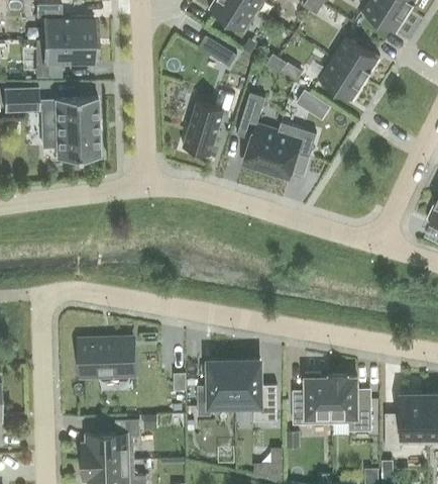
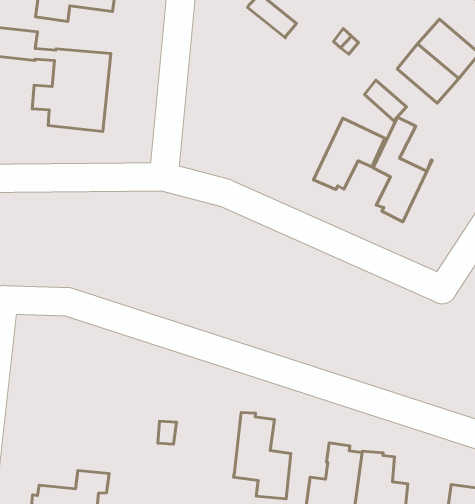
building: [237,93,282,173] -> [373,117,432,222]
building: [183,101,225,155] -> none
building: [80,338,134,377] -> none
building: [198,359,235,416] -> none

